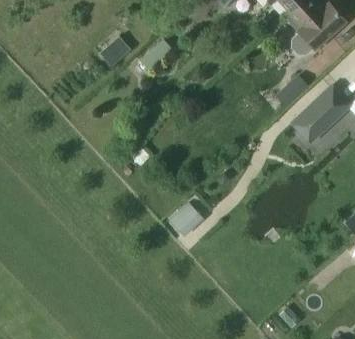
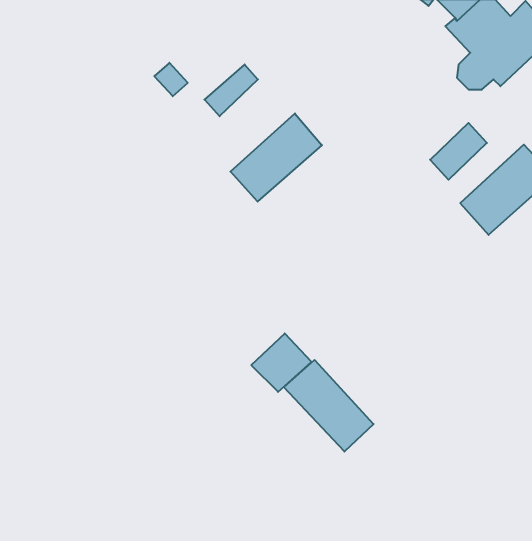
building: none -> [230,113,322,202]
building: none -> [284,360,374,452]

